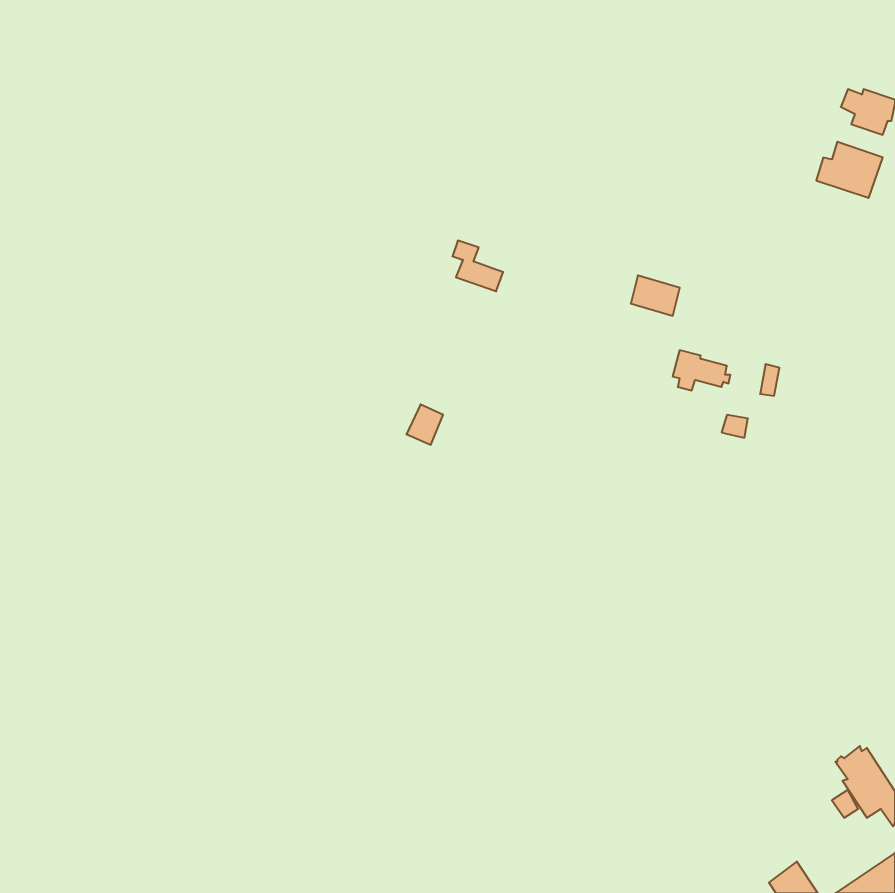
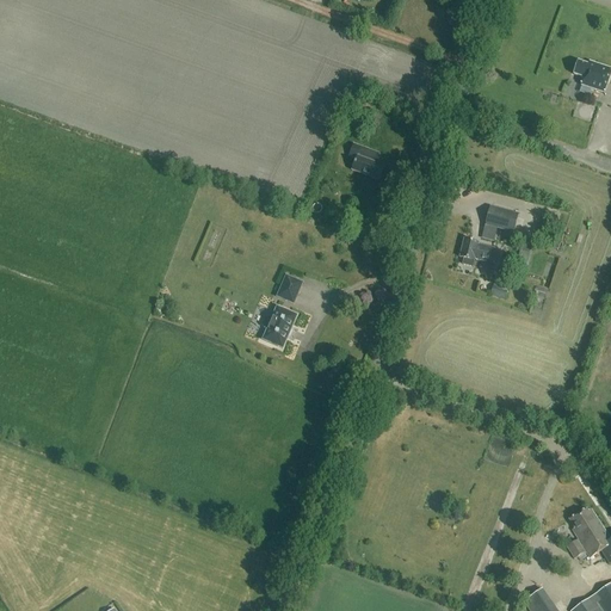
building: [452,241,503,291] -> [348,144,383,179]
building: [631,275,680,316] -> [485,205,518,233]
building: none -> [263,307,296,348]

